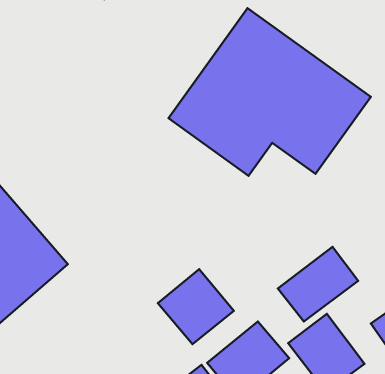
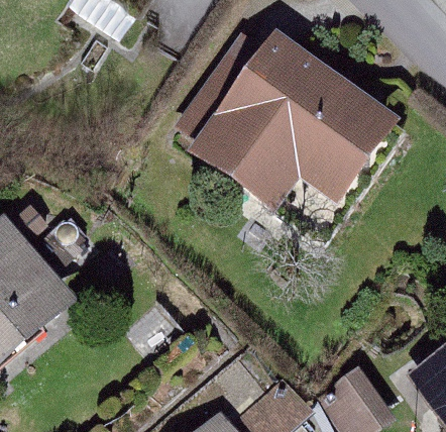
building: [278,247,358,321] -> none
building: [158,269,234,344] -> none

